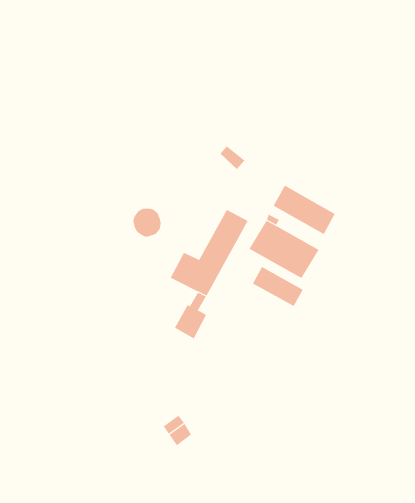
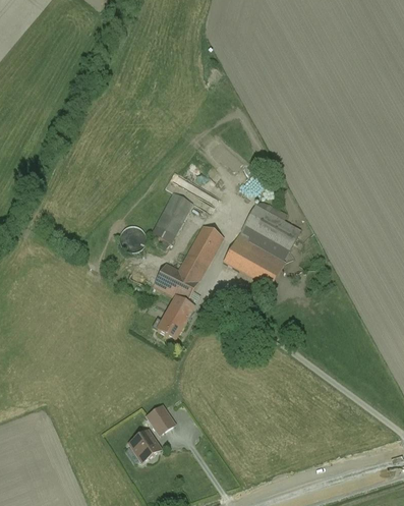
building: none -> [152,191,191,242]
building: [252,266,304,307] -> none
building: none -> [129,430,160,461]

